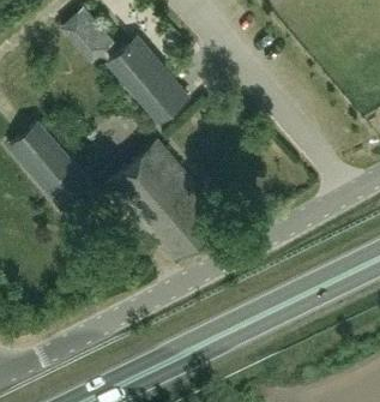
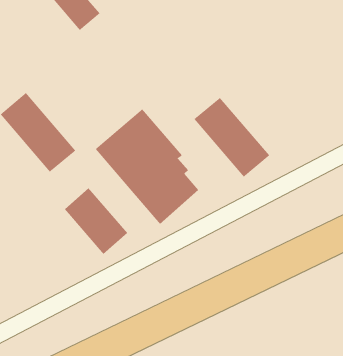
building: [109,37,188,120] -> [193,97,270,177]
building: none -> [64,187,128,255]

